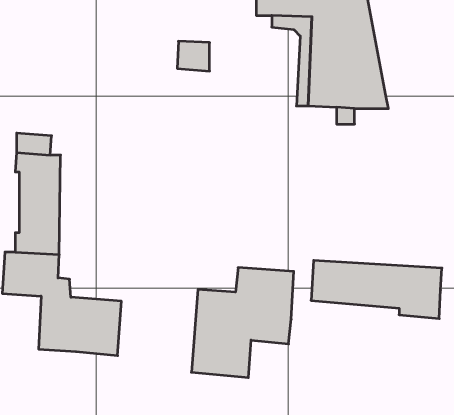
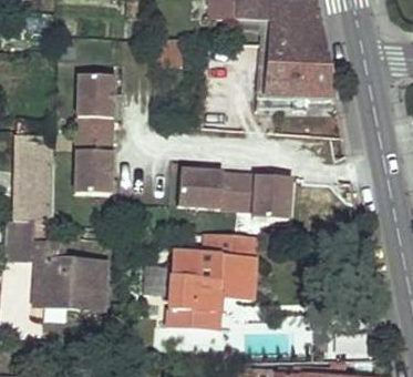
building: none -> [74,74,112,193]
building: [311,260,442,319] -> [177,170,289,220]

